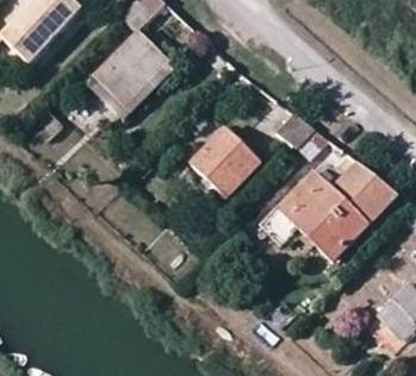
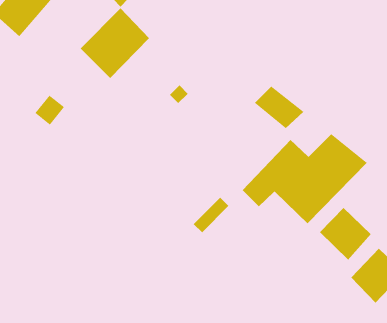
building: [83,63,172,120] -> none
building: [190,126,260,195] -> none
building: none -> [319,207,371,260]

